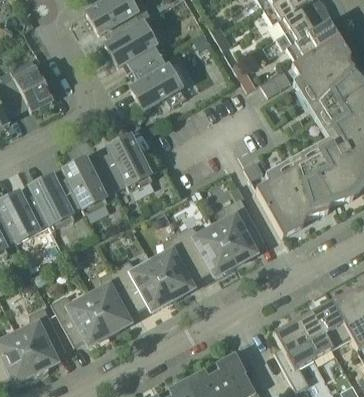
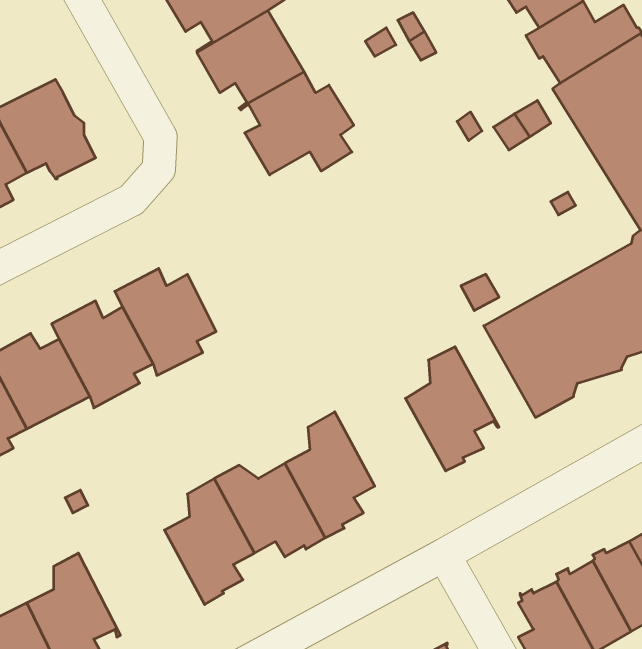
building: [101,134,153,190] -> none
building: [178,225,236,273] -> none
building: [52,294,110,344] -> none

